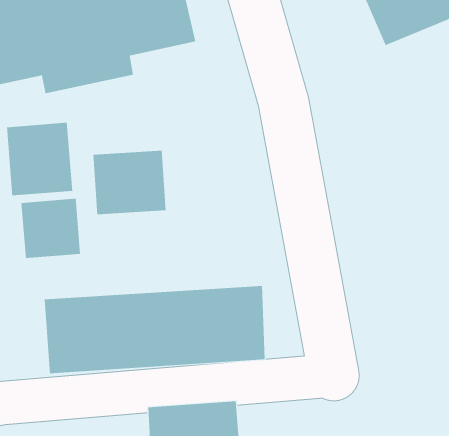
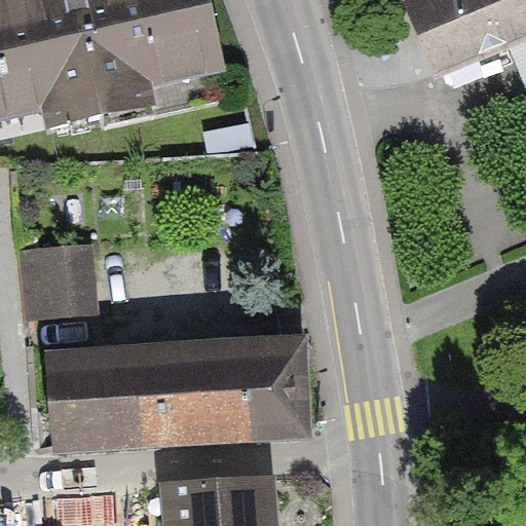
building: [6,122,73,196] -> none
building: [93,150,166,215] -> none

